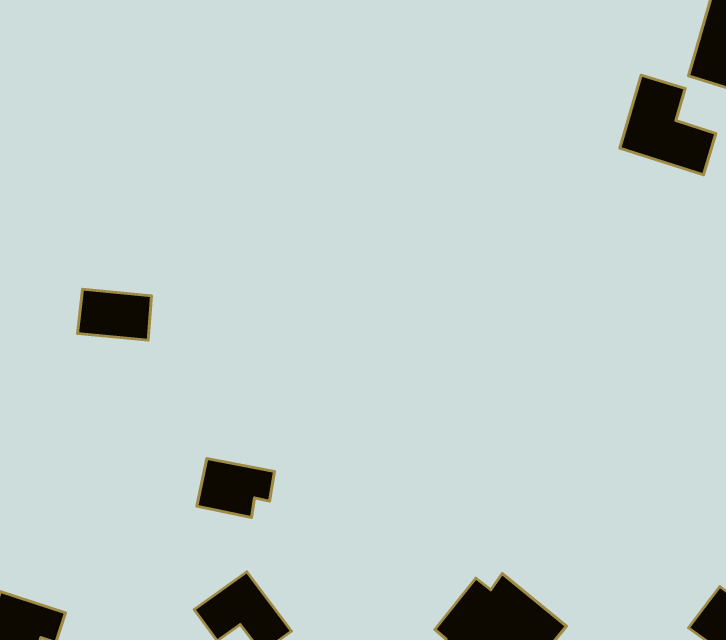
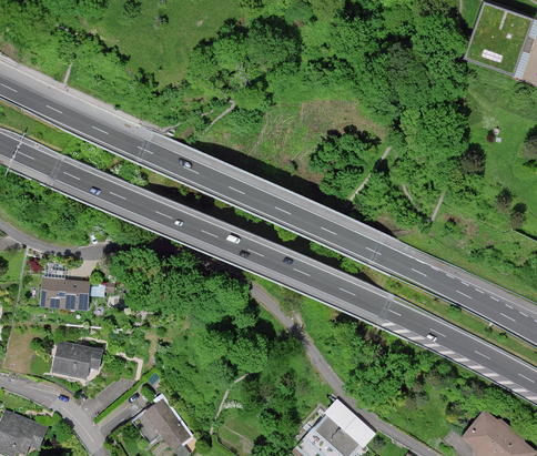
building: [620,75,716,175] -> none
building: [77,289,152,340] -> [42,277,92,312]
building: [197,458,274,518] -> [52,342,104,382]

